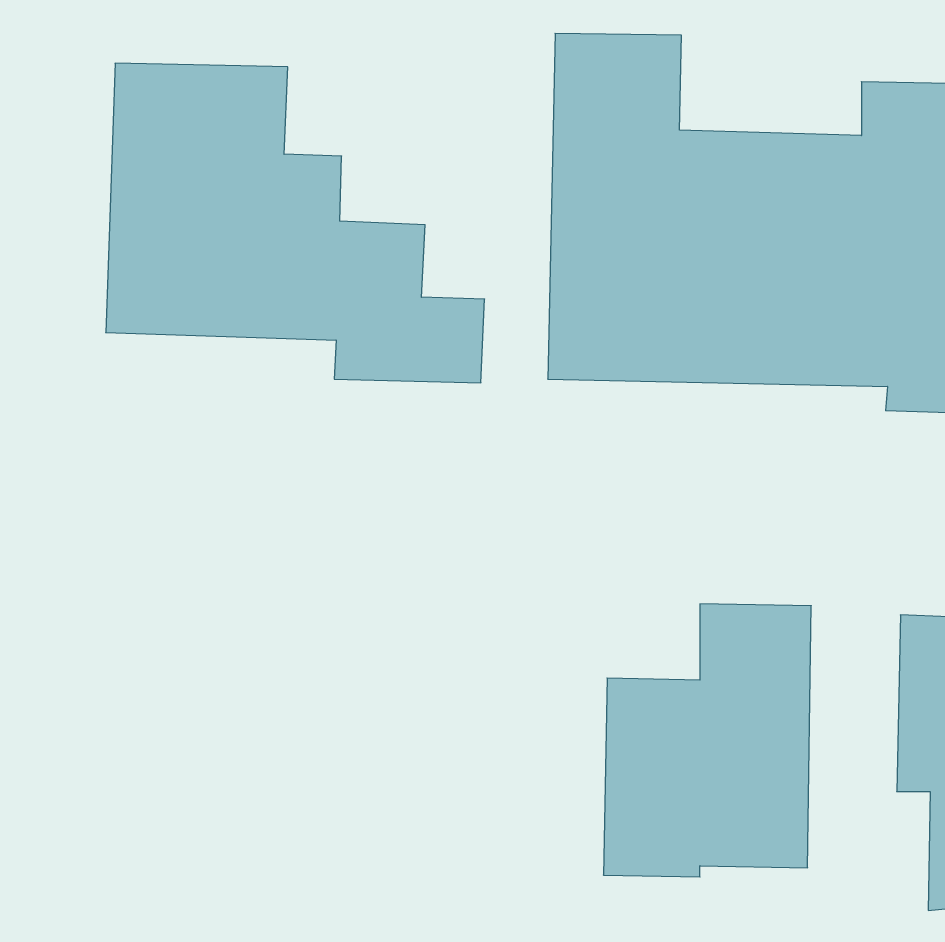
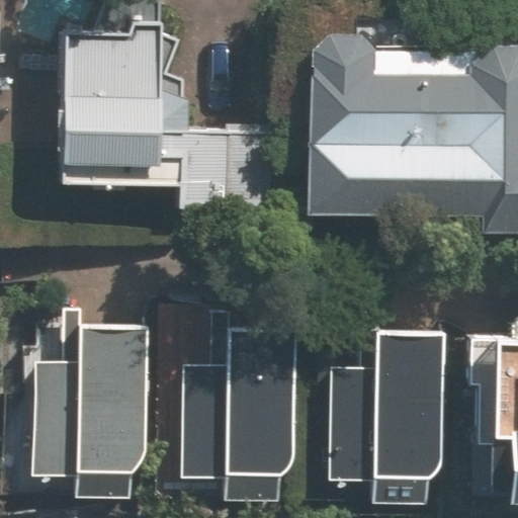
building: none -> [32,327,142,476]
building: none -> [177,328,300,481]

